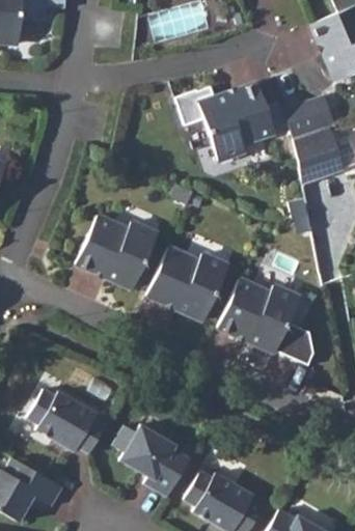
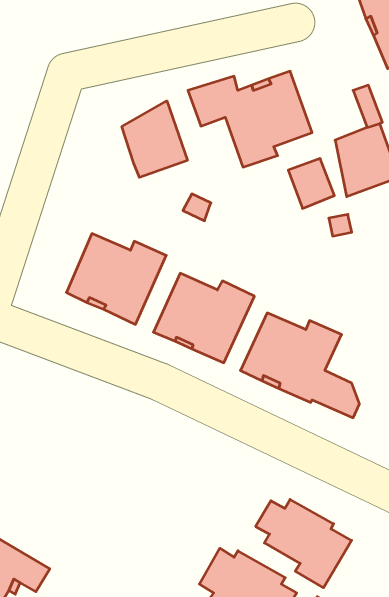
building: [282,99,320,139] -> [288,159,334,208]
building: none -> [122,101,187,177]
building: [27,388,106,453] -> none
building: [112,424,190,496] -> [256,499,352,588]

